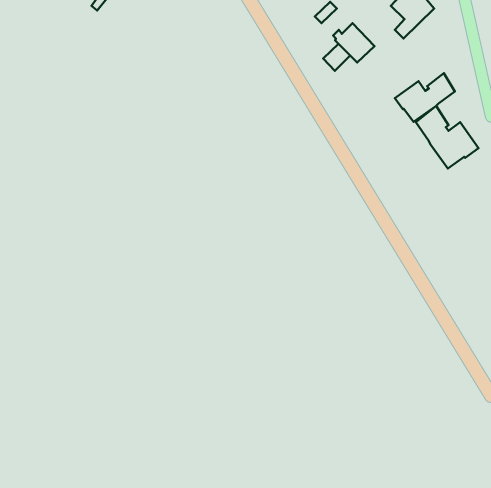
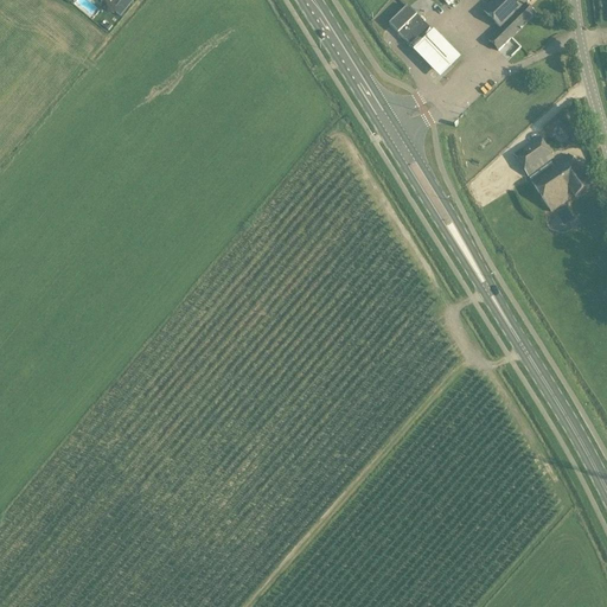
building: [323,44,350,71] -> [396,11,429,44]
building: [395,73,455,122] -> none

